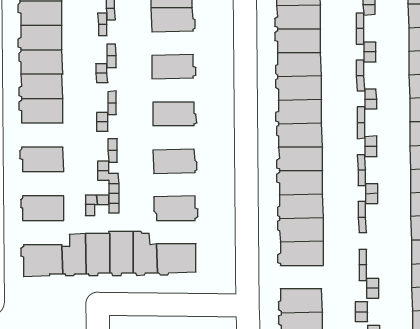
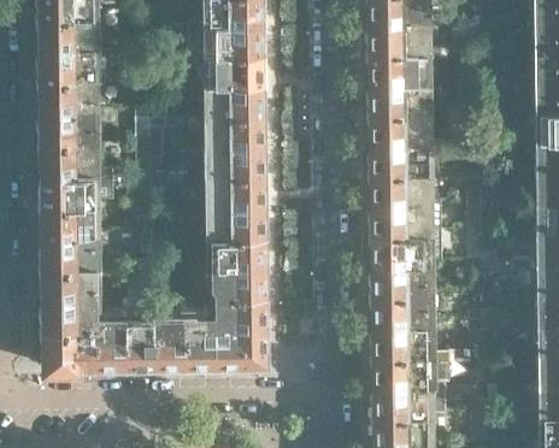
building: none -> [208,60,264,92]
building: none -> [208,120,265,152]
building: none -> [39,178,94,210]
building: none -> [210,182,266,213]
building: none -> [39,241,95,272]
building: none -> [211,242,266,273]
building: none -> [40,303,102,337]
building: none -> [205,303,267,335]
building: none -> [370,361,429,391]

